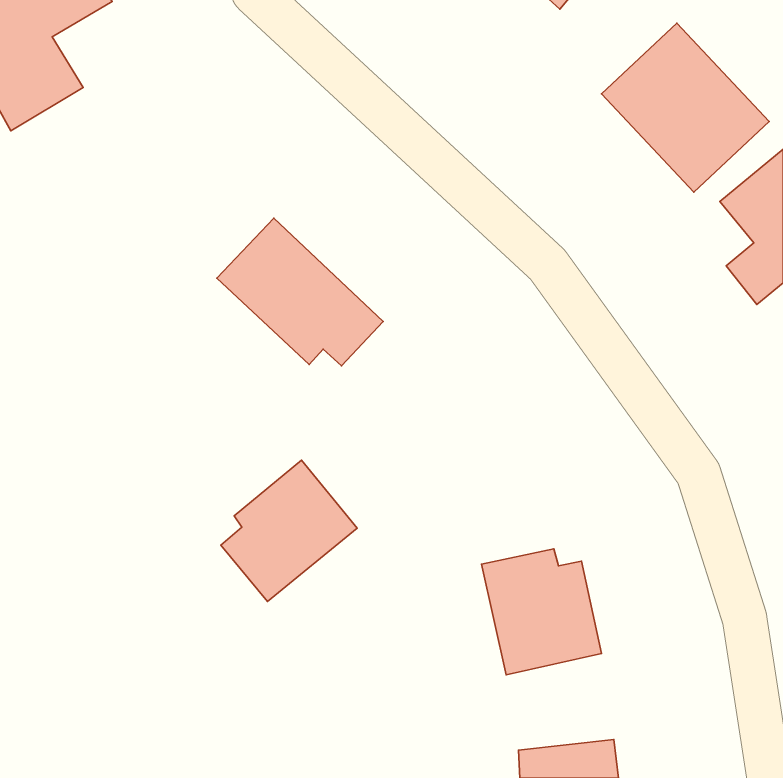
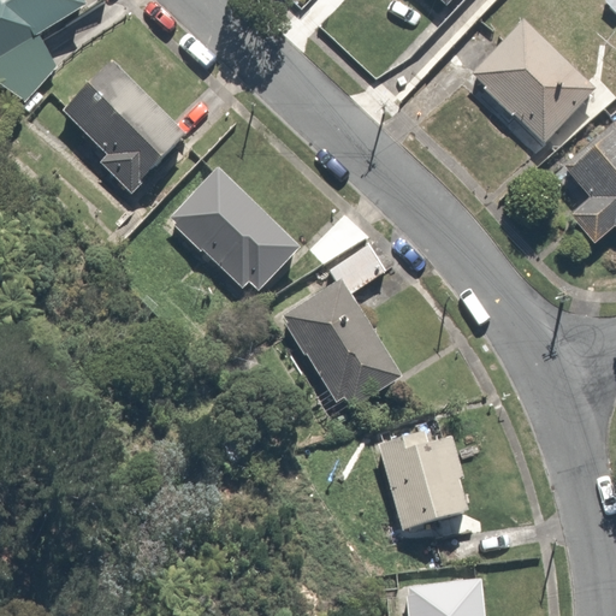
building: none -> [69,69,195,186]
building: none -> [279,238,403,415]
building: [221,460,357,601] -> none

